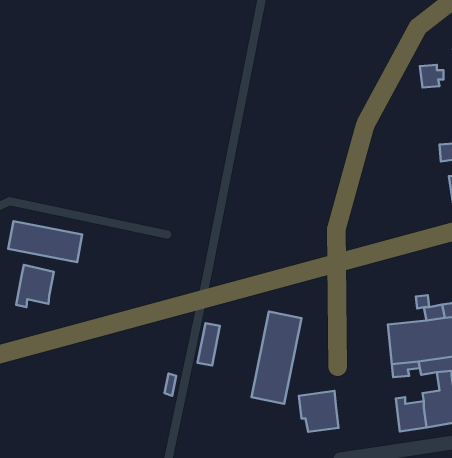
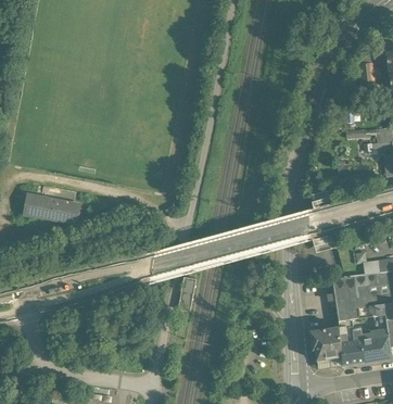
building: [16,265,54,307] -> none
building: [252,312,301,404] -> none
building: [299,391,339,432] -> [310,326,343,359]

